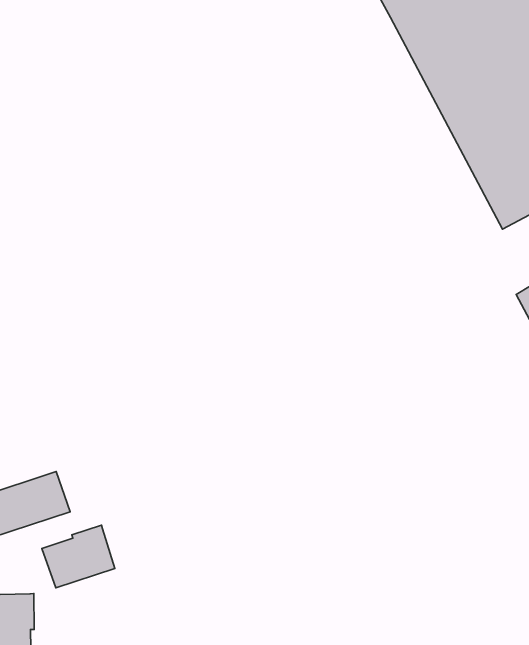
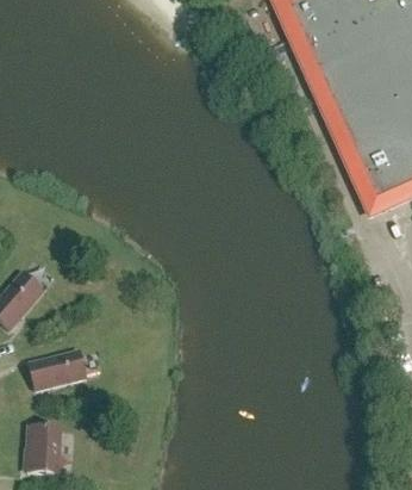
building: [42,525,115,588] -> none

